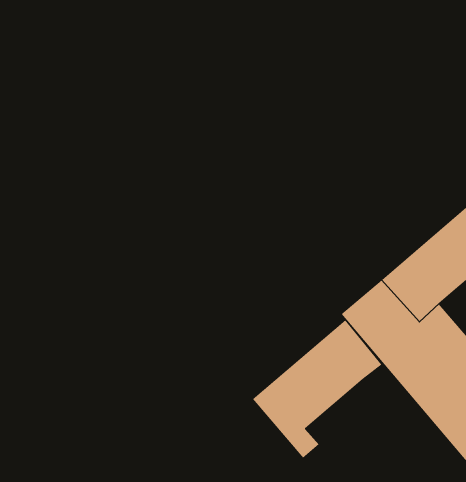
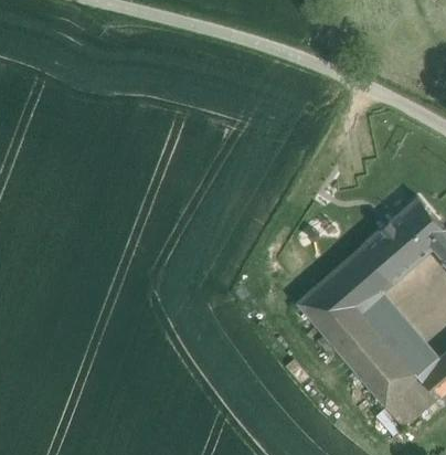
building: [252,319,382,459] -> none

